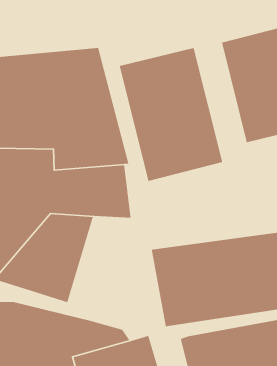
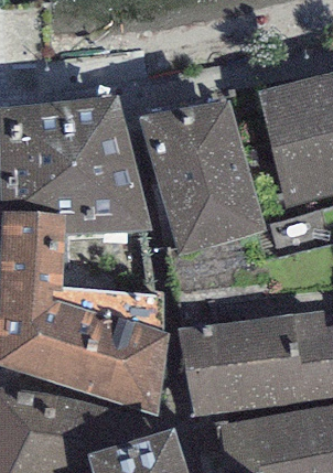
building: none -> [83,292,170,411]

